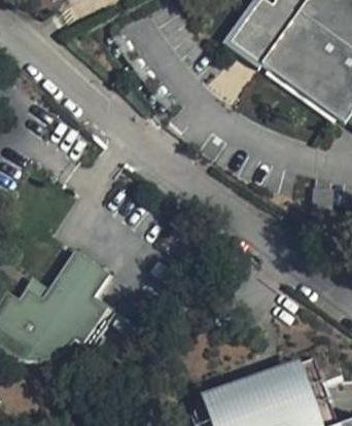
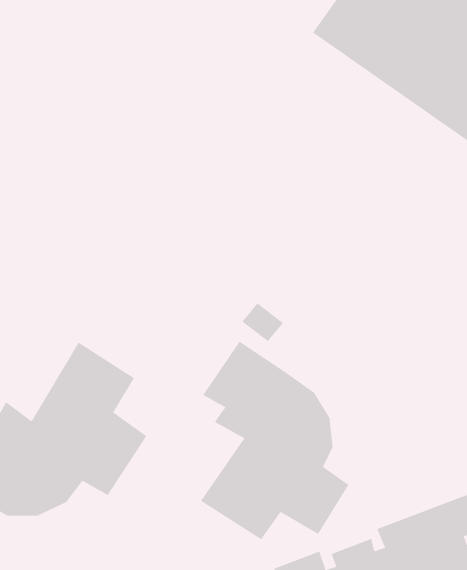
building: none -> [200,341,349,540]

